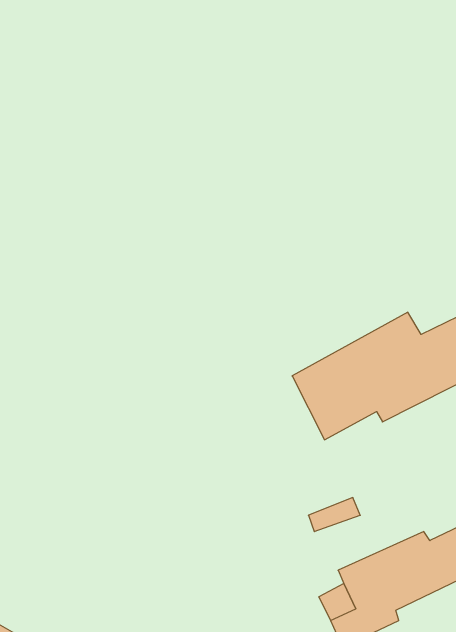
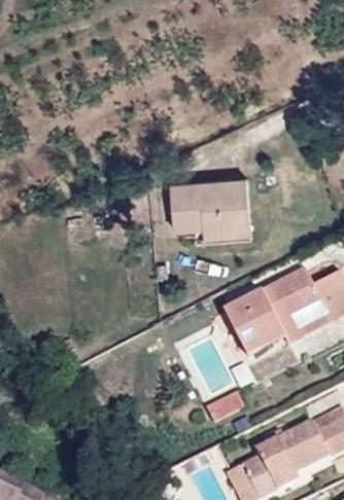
building: none -> [164,178,241,242]

